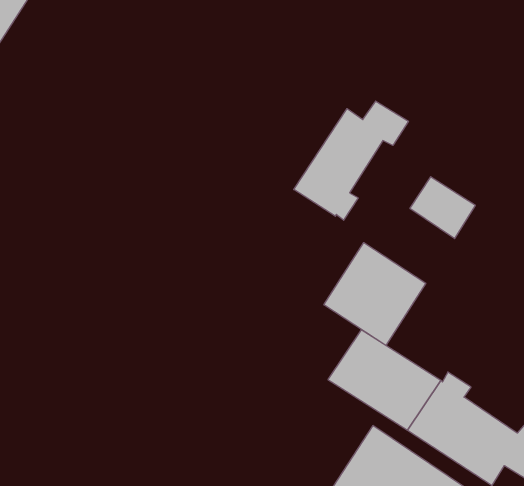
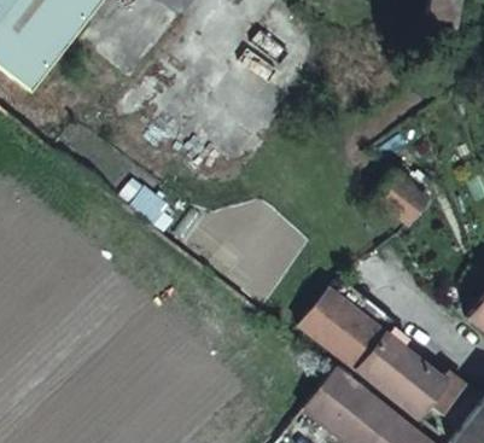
building: [294,101,408,220] -> none
building: [324,243,426,345] -> none

